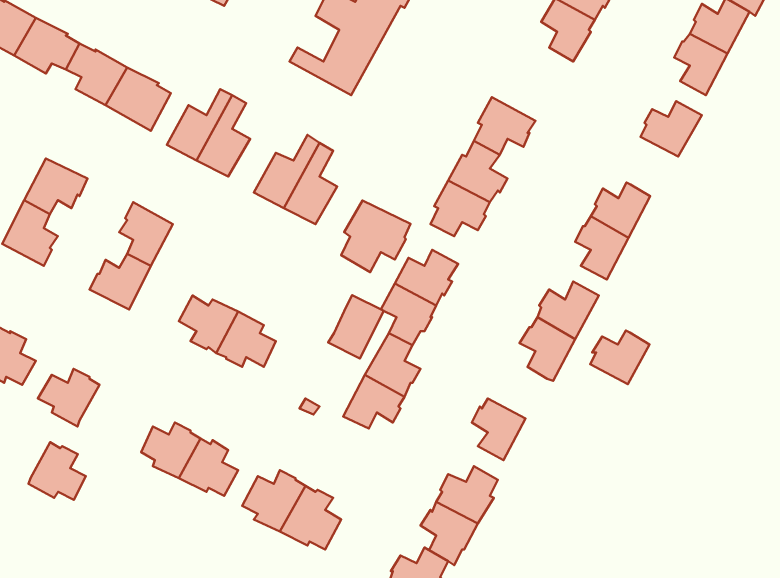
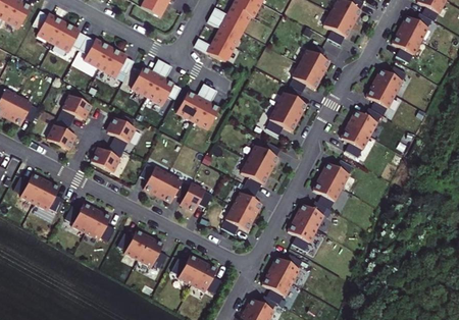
building: none -> [299,43,329,75]
building: none -> [366,84,395,115]
building: [341,200,411,272] -> none
building: [328,295,384,358] -> [178,182,207,215]
building: [590,331,650,384] -> [297,201,327,228]
building: [28,442,86,500] -> [86,211,115,241]

